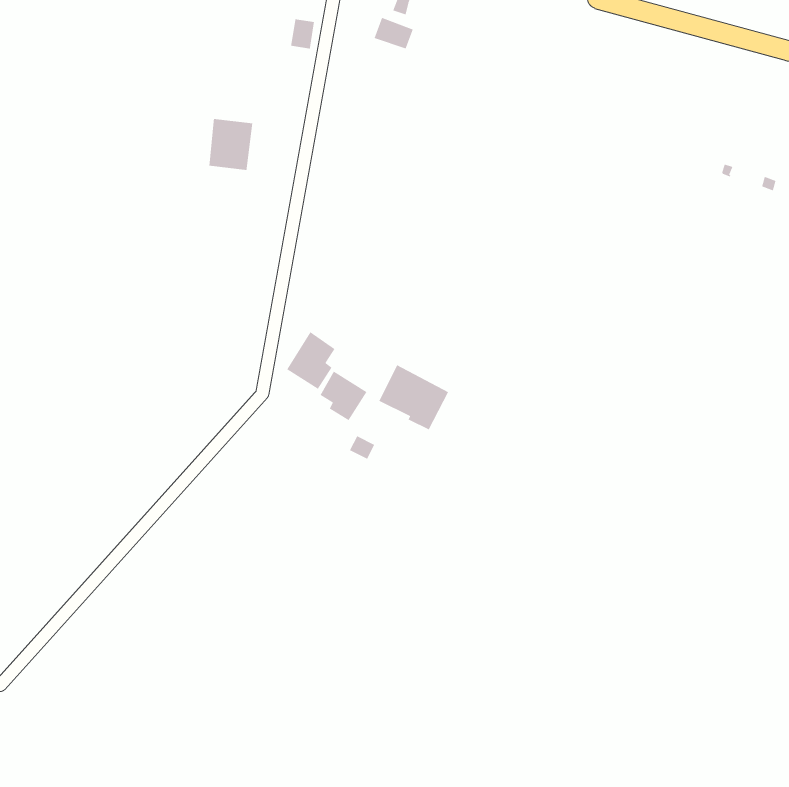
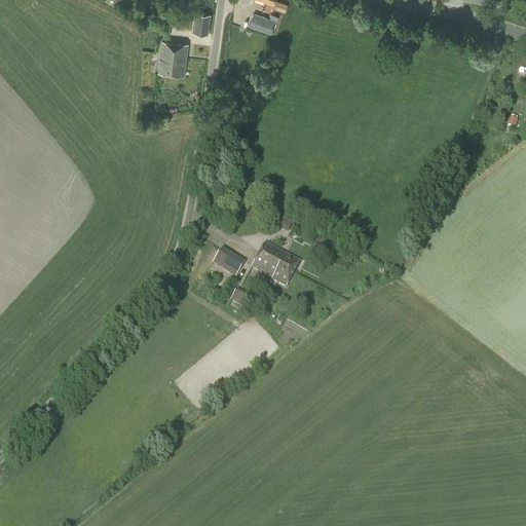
building: [208,118,253,171] -> [158,40,188,75]
building: [286,331,335,390] -> none

